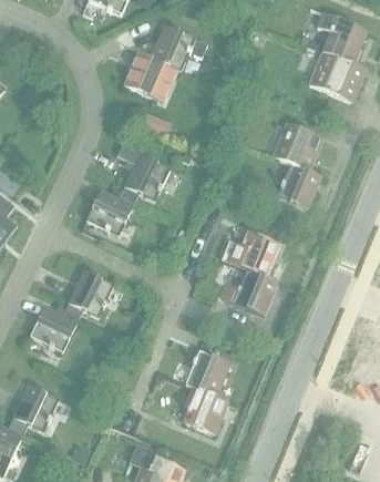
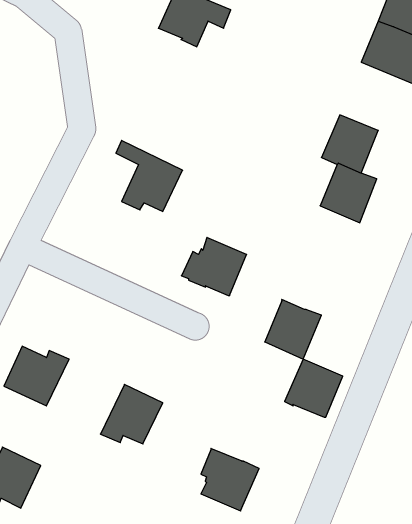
building: [123,51,168,98] -> none
building: [85,188,135,234] -> none
building: [227,230,278,276] -> [181,237,247,296]
building: [64,269,113,316] -> [100,384,163,444]
building: [184,349,229,394] -> [285,359,343,417]

